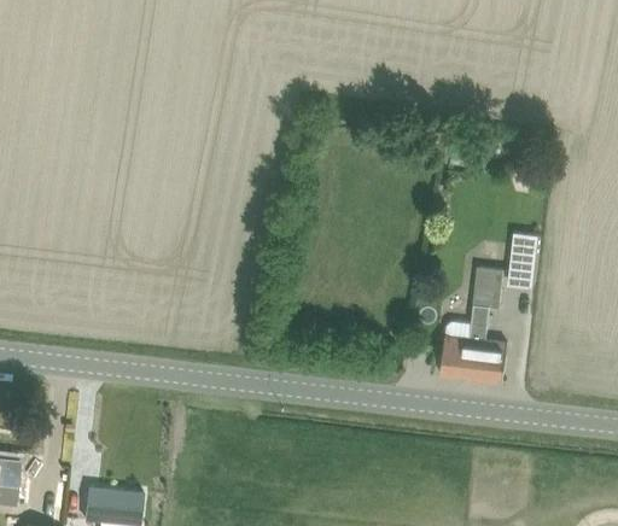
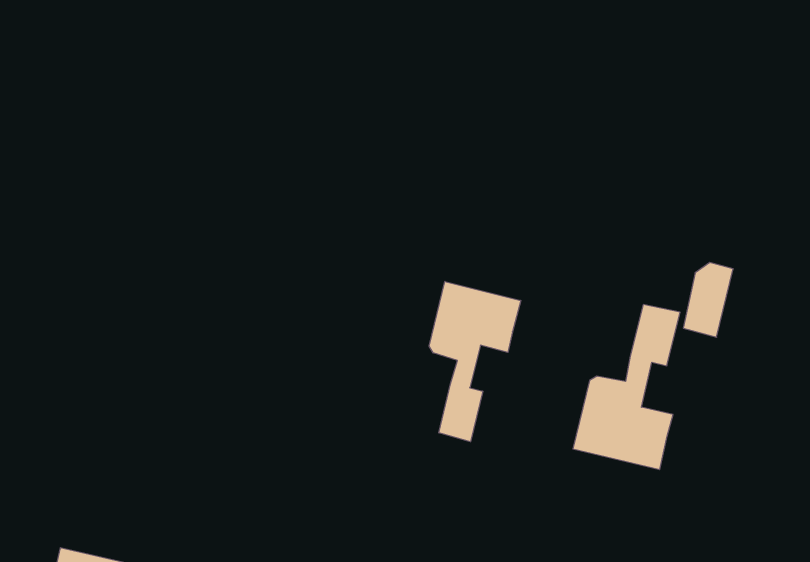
building: none -> [429,281,521,442]

